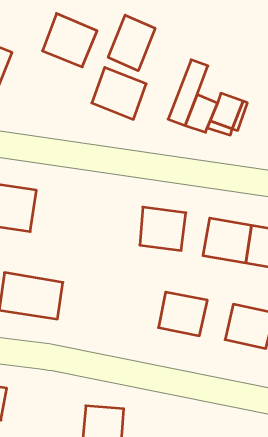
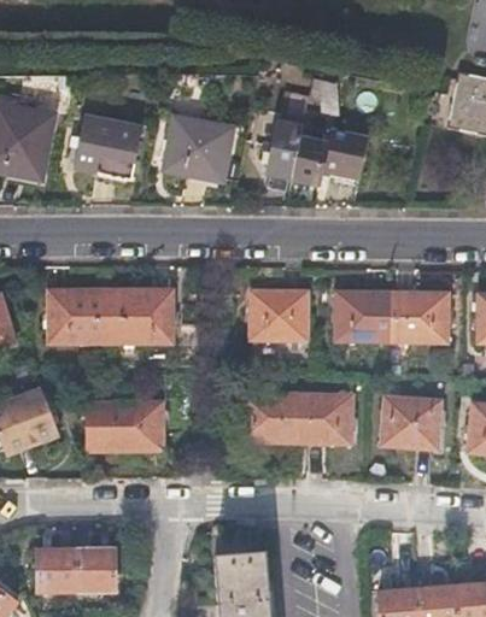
building: [42,13,97,67] -> [77,116,144,180]
building: [108,15,155,71] -> none
building: none -> [111,289,172,343]
building: none -> [238,392,297,442]

